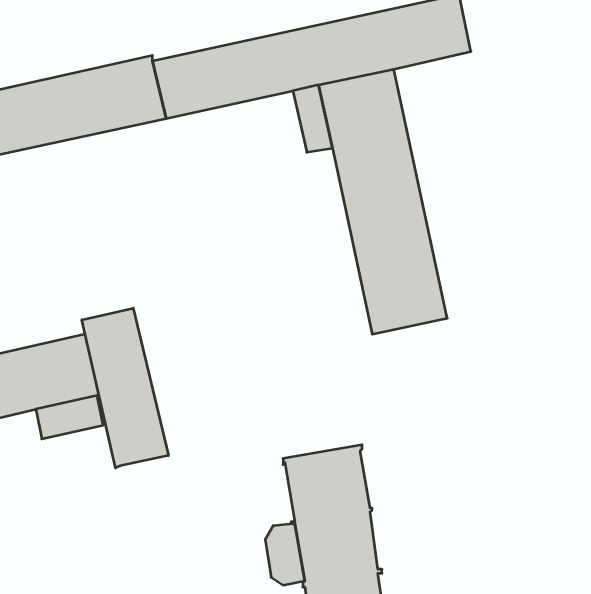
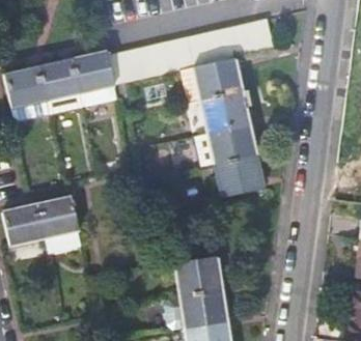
building: [82,308,168,468] -> none

